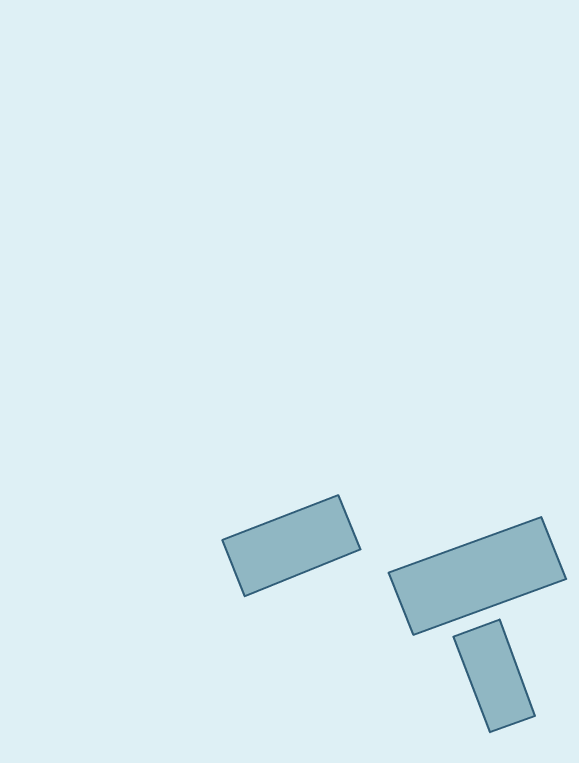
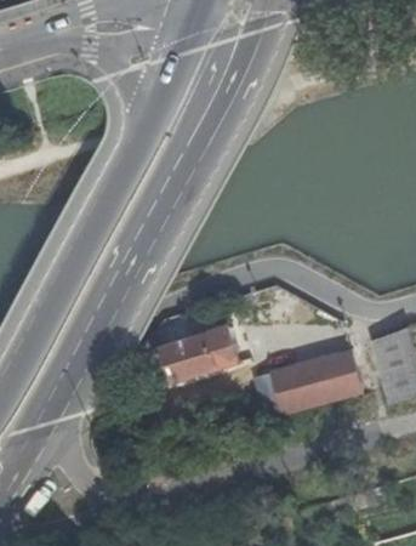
building: [453,619,535,732] -> none

